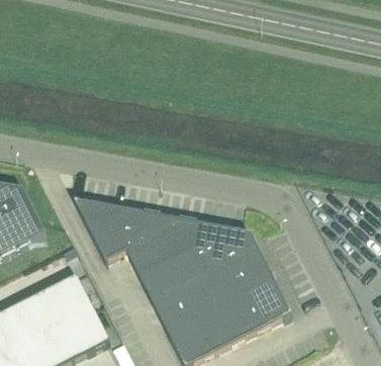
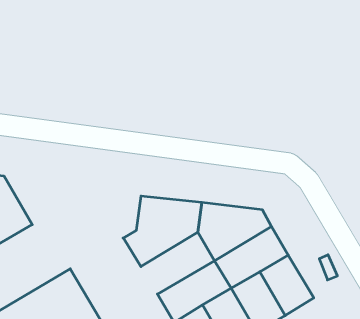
building: [73,198,142,260] -> none
building: [138,247,204,299] -> none

